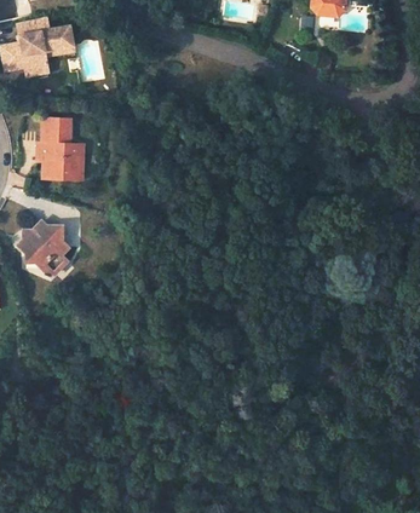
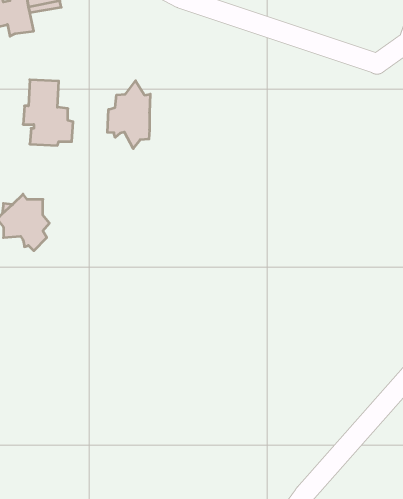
building: none -> [107,81,150,149]

